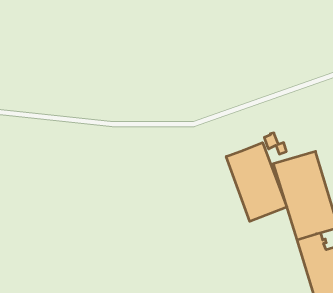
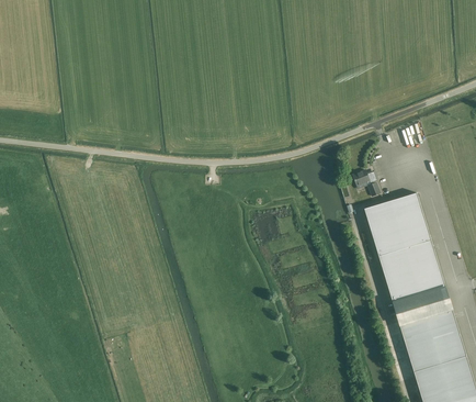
building: [226,143,287,221] -> none

